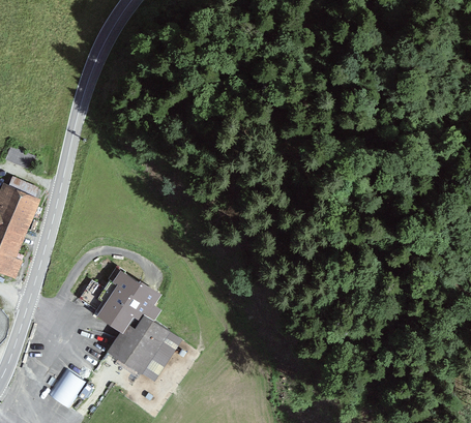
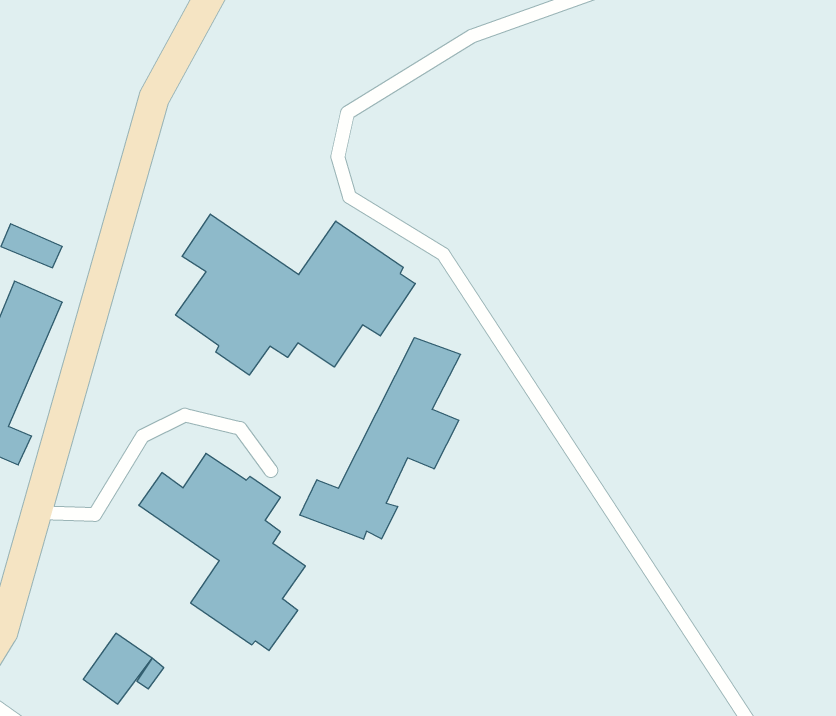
building: none -> [176,214,415,375]
building: none -> [300,338,461,539]

